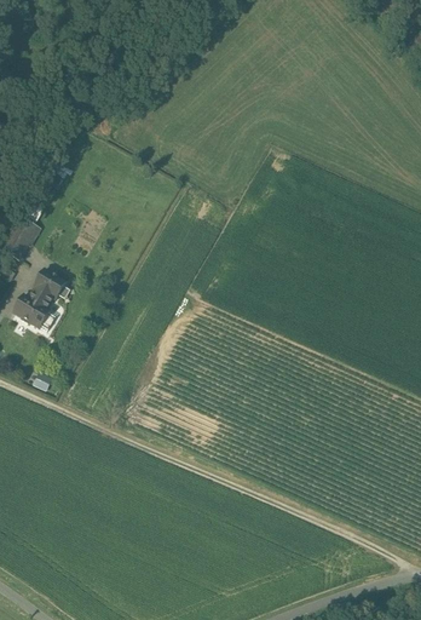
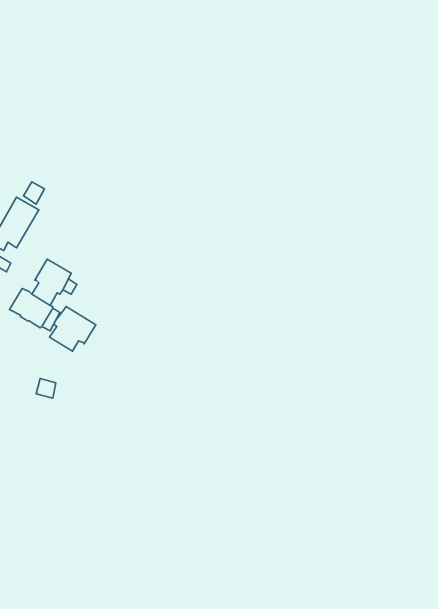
building: none -> [50,307,96,351]

